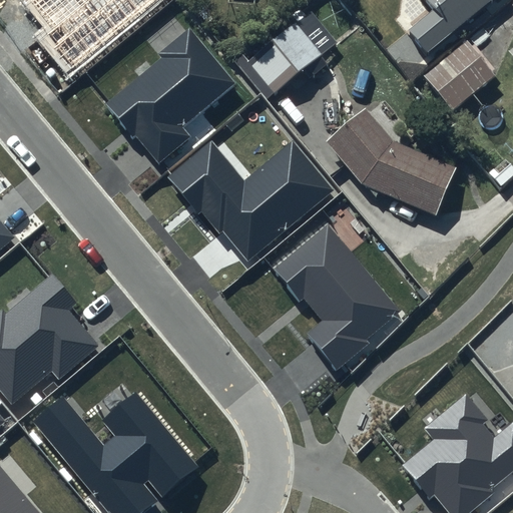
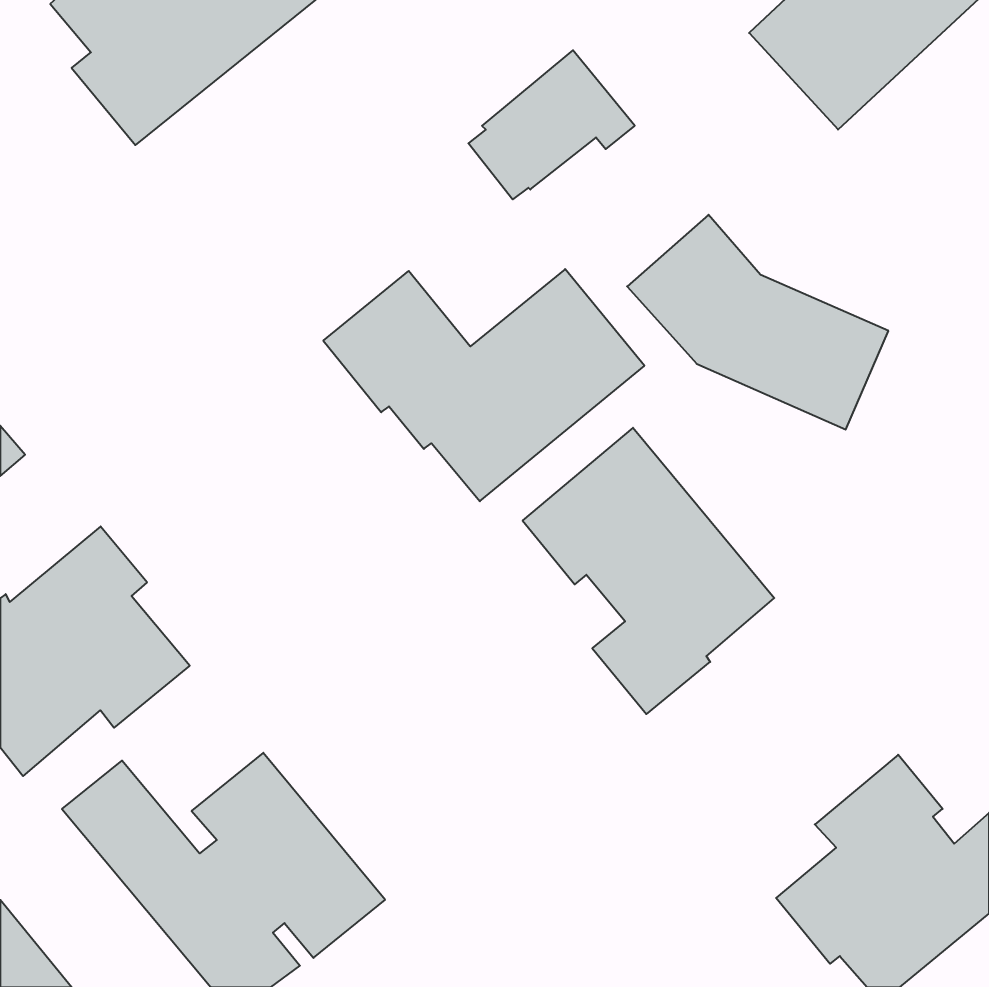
building: [107,26,235,163] -> none
building: [424,45,495,114] -> none

